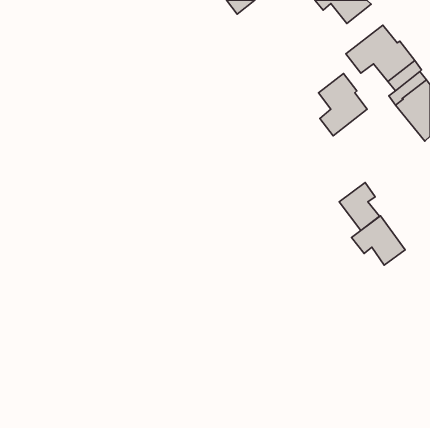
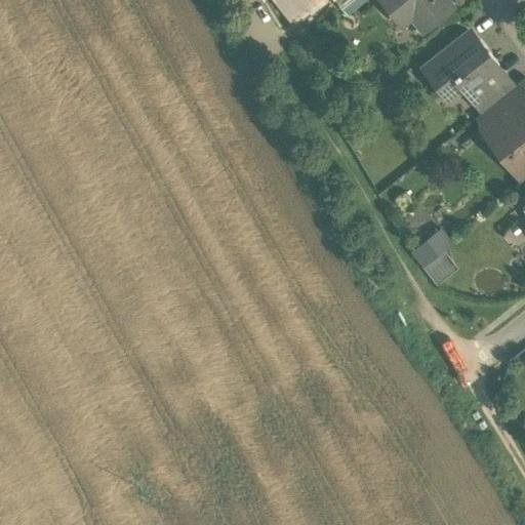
building: [319,73,367,136] -> none
building: [352,216,405,265] -> none

